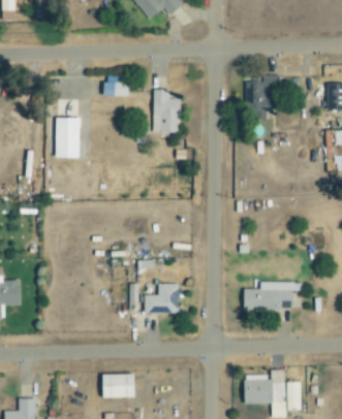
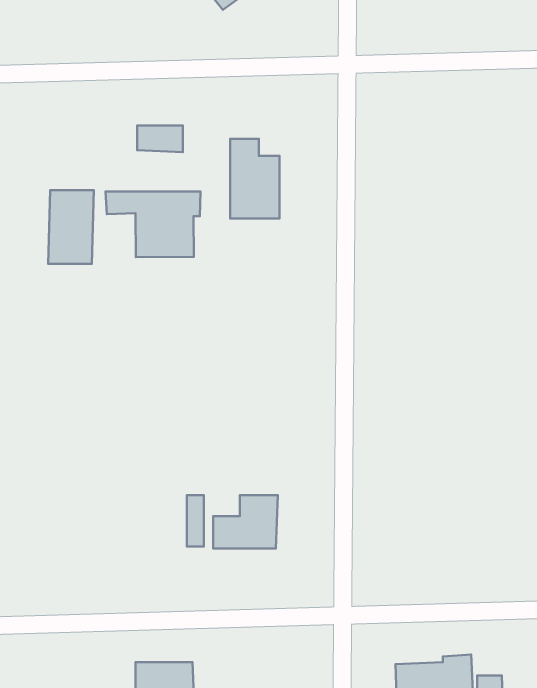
building: [247,74,276,119] -> none
building: none -> [106,192,200,257]
building: [243,281,302,310] -> none

